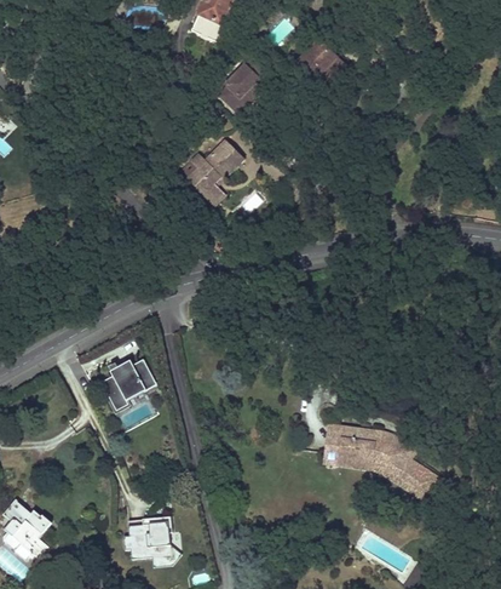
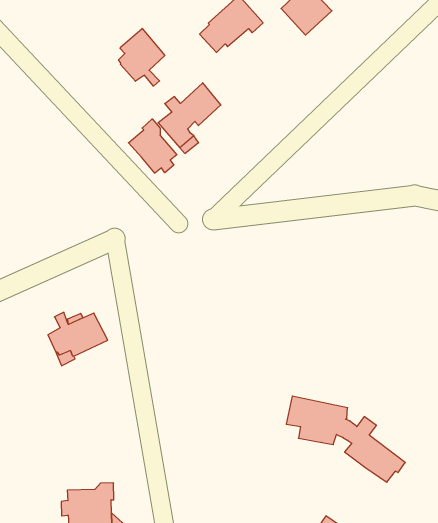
building: none -> [119,28,165,86]
building: none -> [128,119,177,173]

